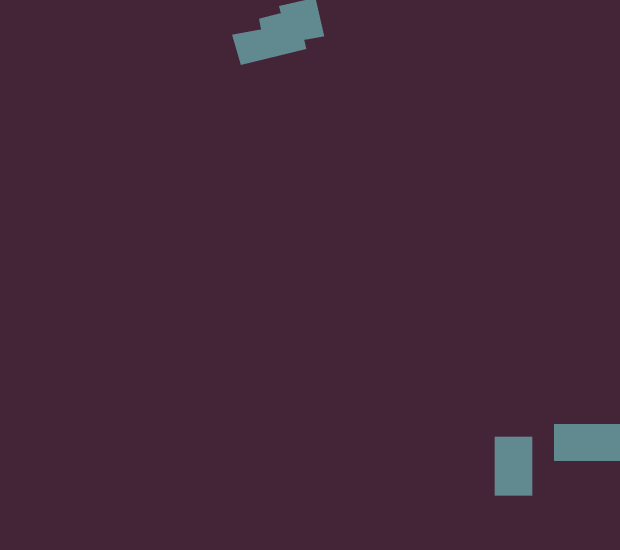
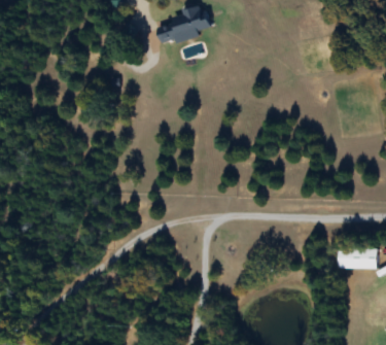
building: [494,436,533,497] -> none

